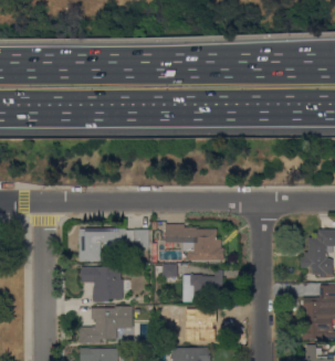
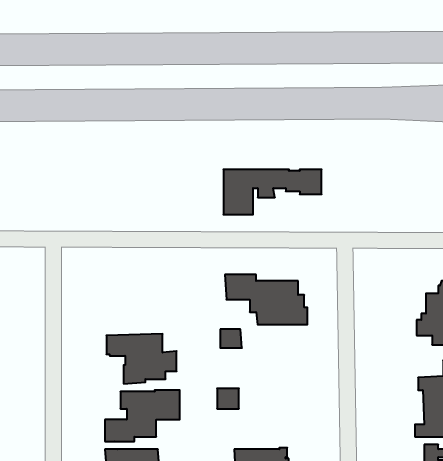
building: [80,229,149,261] -> [223,169,322,215]
building: [182,269,223,301] -> none
building: [187,309,220,342] -> none

